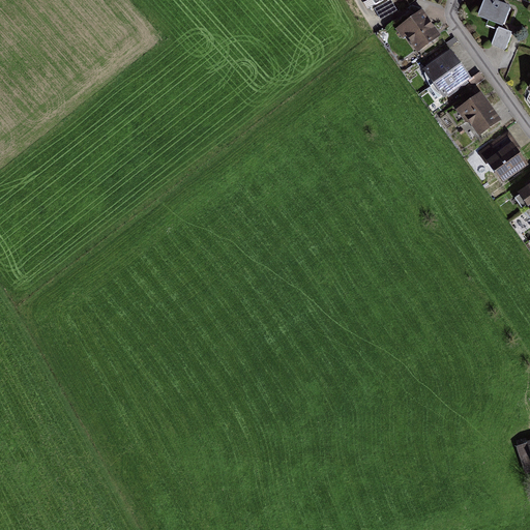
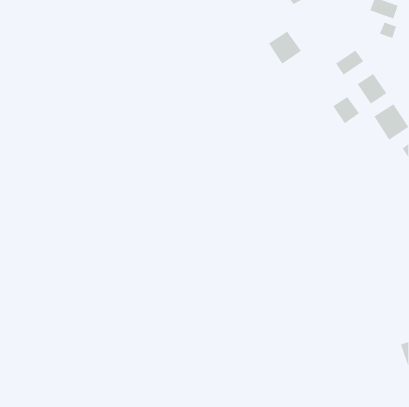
building: [395,8,439,52] -> [268,31,302,64]
building: [421,50,459,82] -> none
building: none -> [333,96,360,124]

